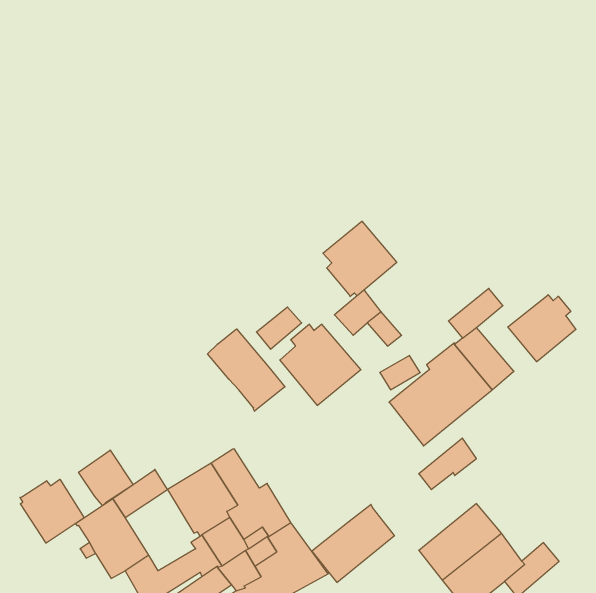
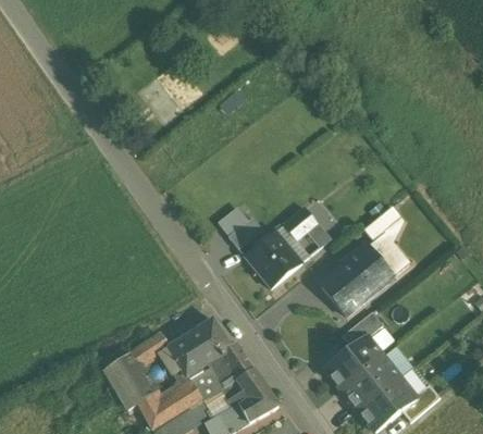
building: [323,221,397,297] -> none
building: [508,295,576,362] -> none
building: [208,329,285,411] -> none
building: [79,450,133,505] -> none
building: [20,479,84,543] -> none
building: [312,504,394,582] -> [324,334,382,388]

